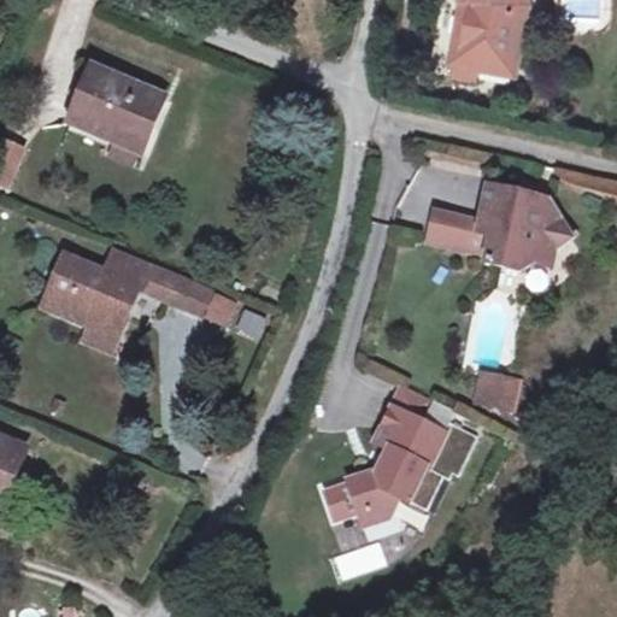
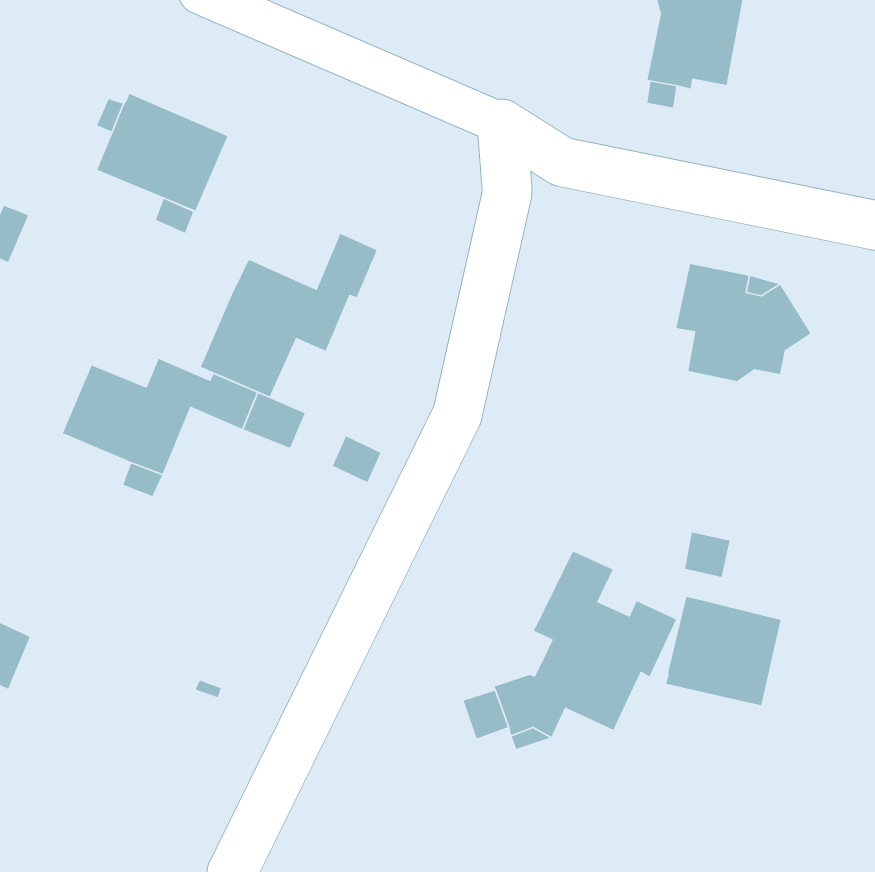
building: none -> [200,233,378,397]
building: [441,213,487,252] -> none
building: none -> [665,596,781,706]

